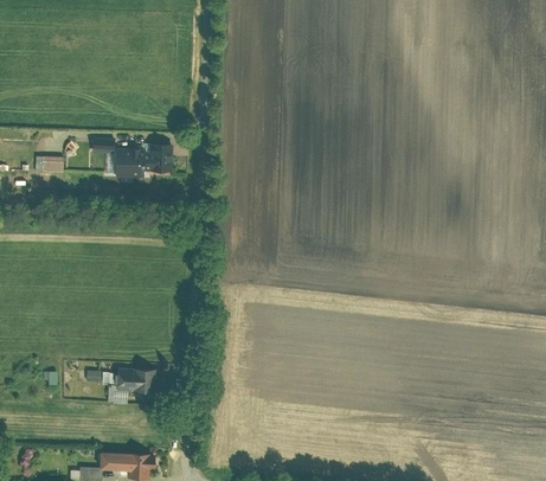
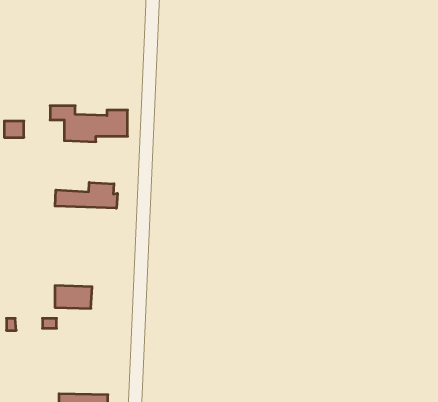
building: none -> [55,182,117,208]
building: [115,368,155,393] -> [55,286,92,308]

